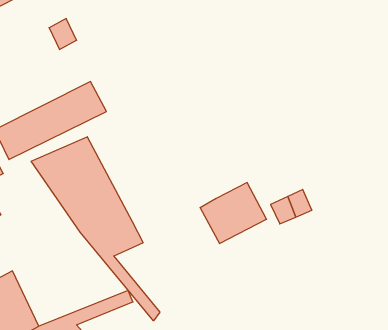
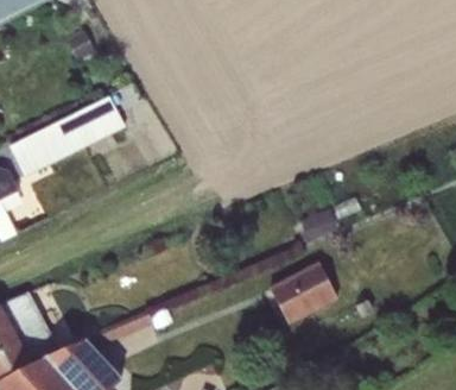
building: [31,137,160,321] -> none
building: [200,183,267,243] -> [268,260,337,323]

